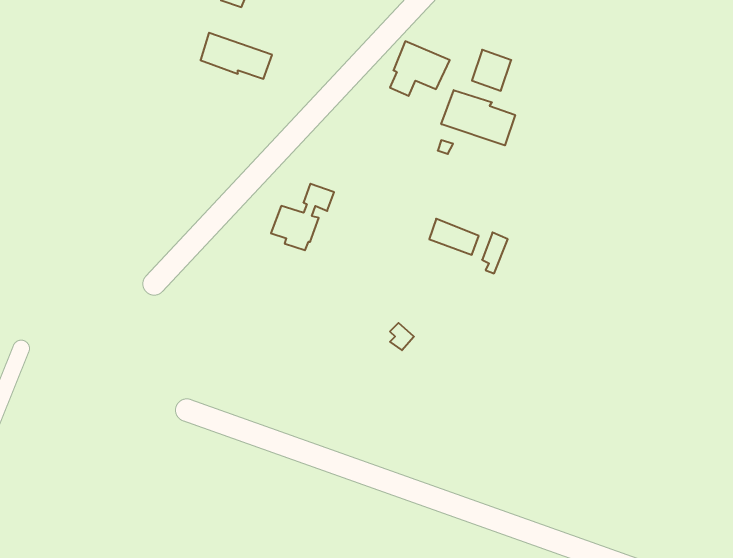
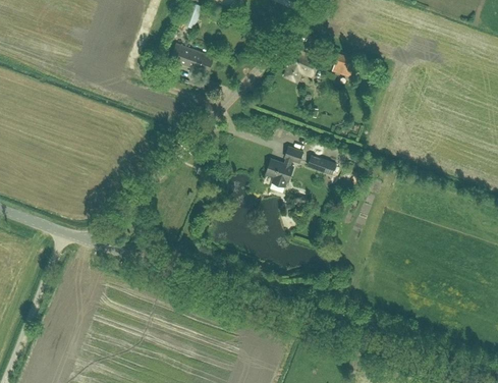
building: [441,90,515,145] -> none
building: [271,184,334,250] -> [265,146,302,185]

